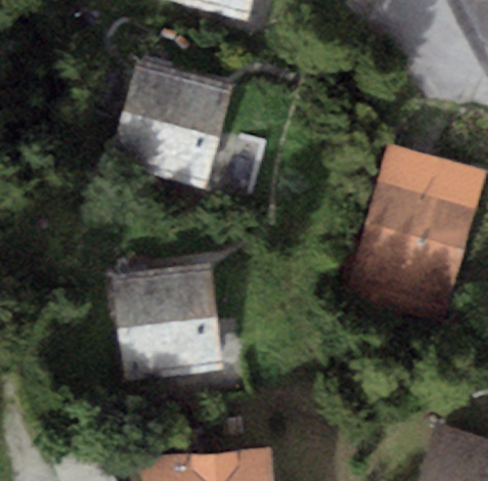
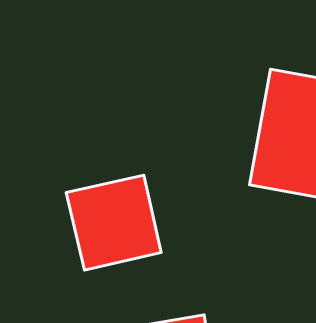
building: [110,60,233,187] -> none

